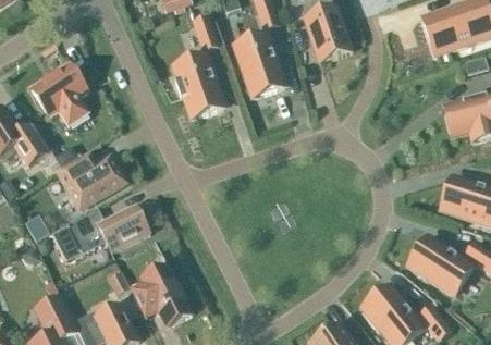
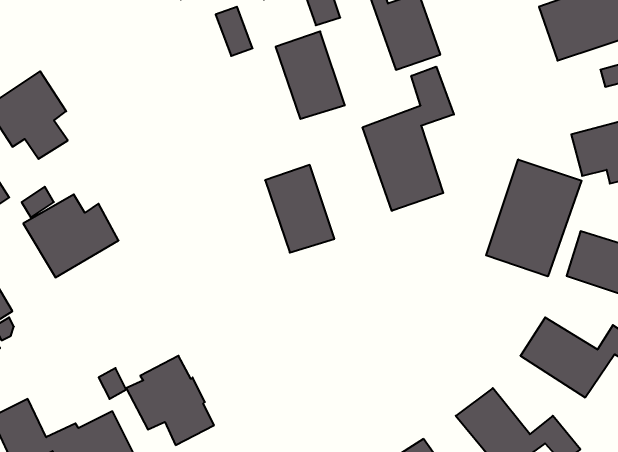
building: [174,54,223,116] -> [265,165,334,253]
building: none -> [363,67,454,211]
building: none -> [486,159,582,276]
building: [51,204,149,260] -> none

